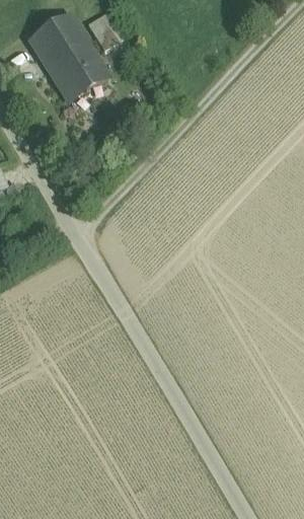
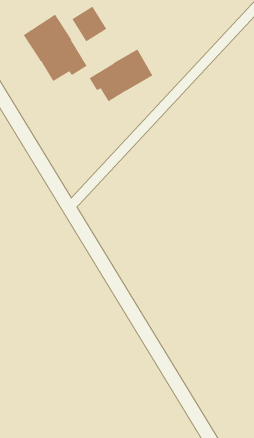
building: none -> [89,48,153,102]

